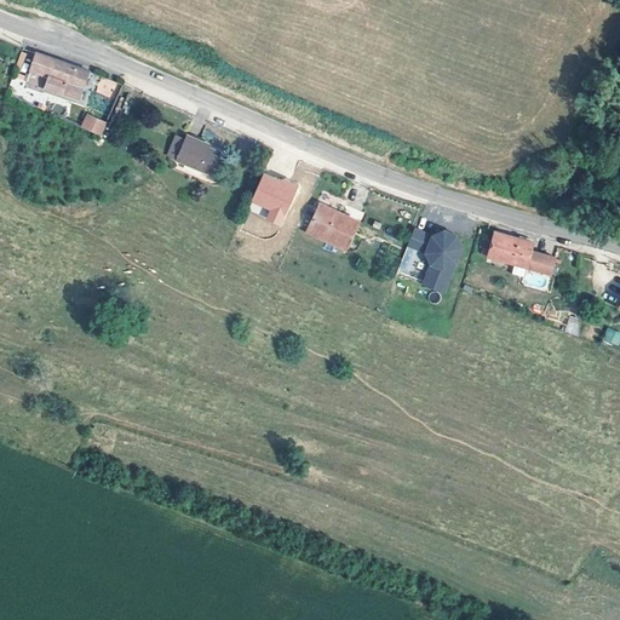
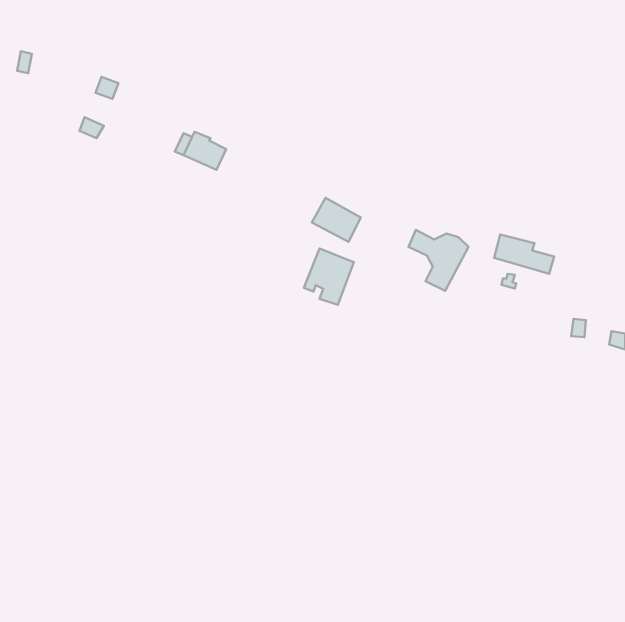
building: [28,56,88,103] -> none
building: [248,173,298,229] -> [304,249,354,305]

